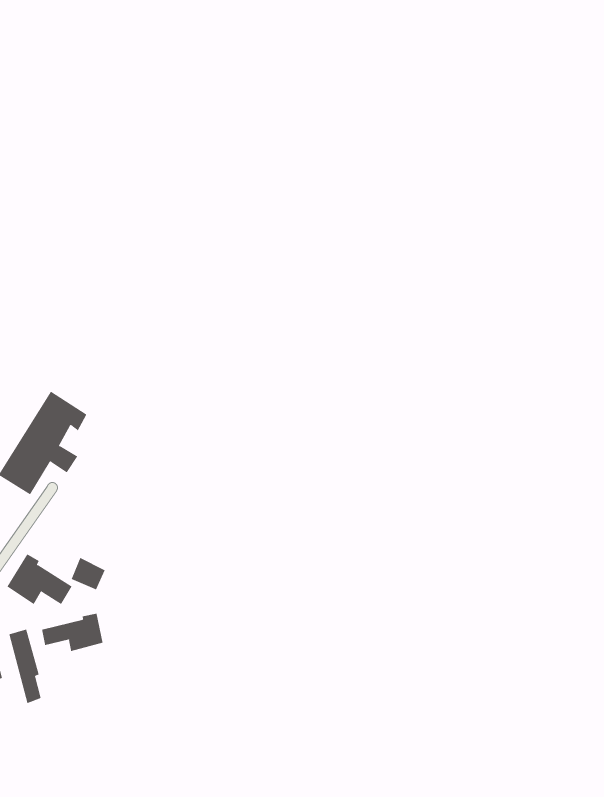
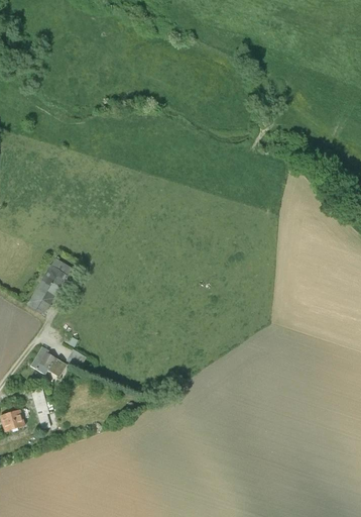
building: [42,613,103,652] -> none

